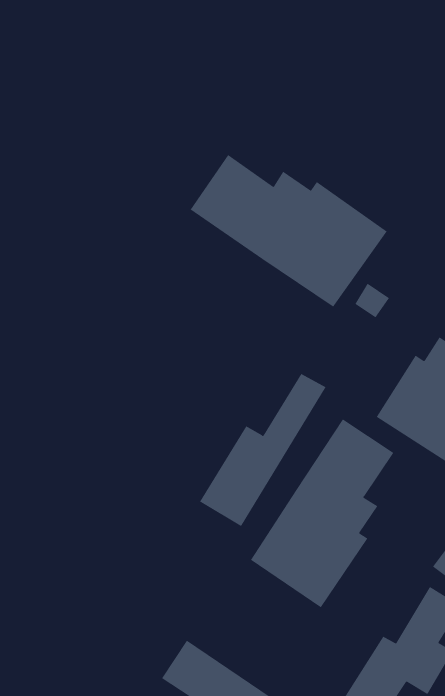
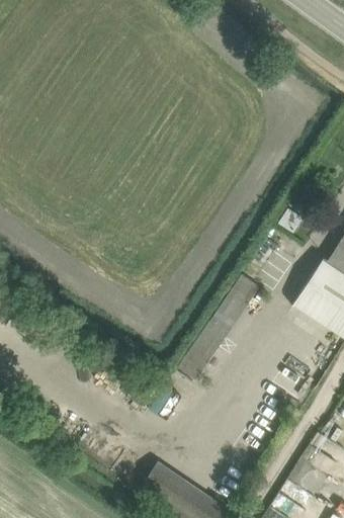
building: [190,154,387,308] -> none
building: [250,419,394,608] -> none

